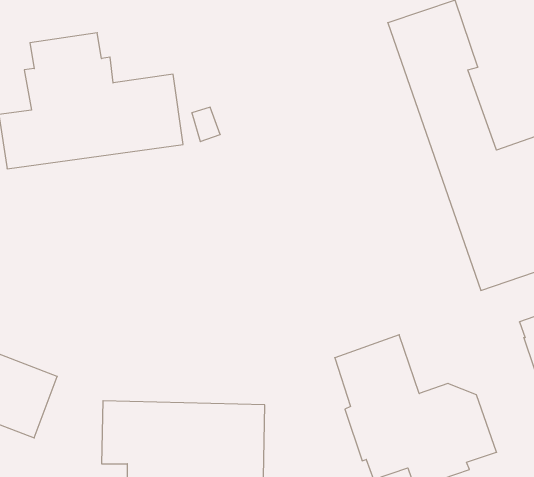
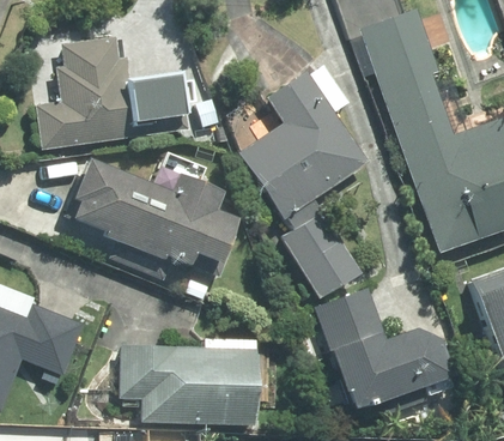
building: none -> [239,70,370,295]
building: none -> [67,151,238,280]

